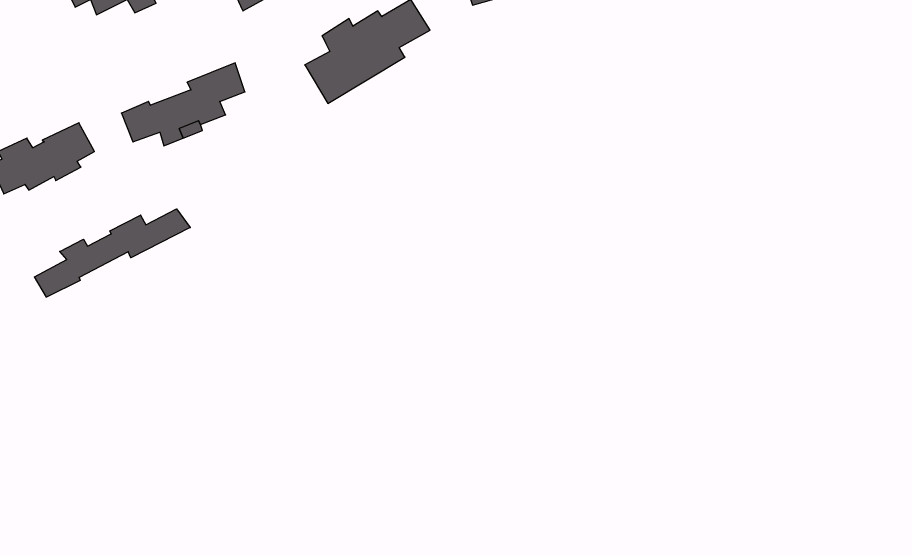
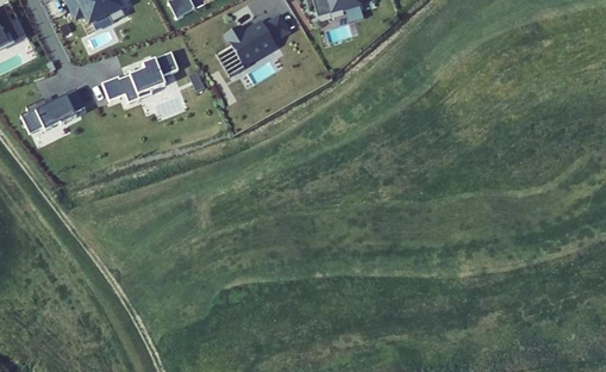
building: [34,209,190,297] -> none

